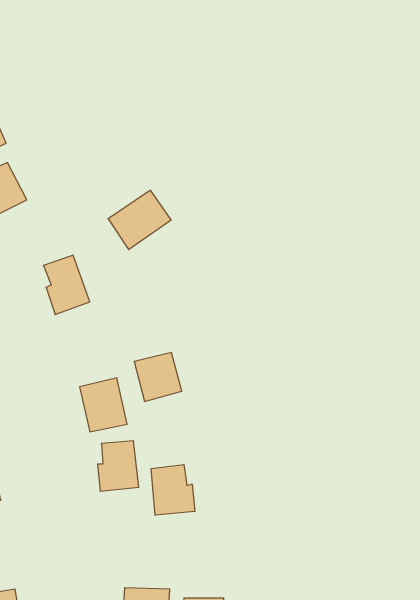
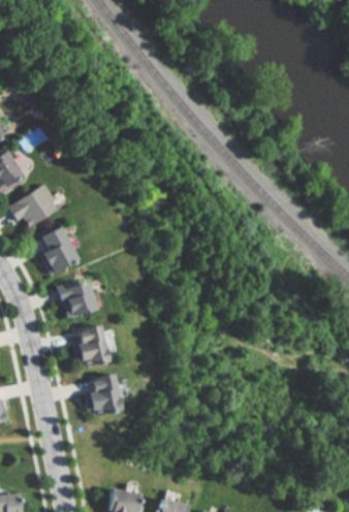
building: [108,190,171,250] -> [10,184,61,231]
building: [134,353,182,401] -> [57,279,95,318]
building: [151,465,195,515] -> none

